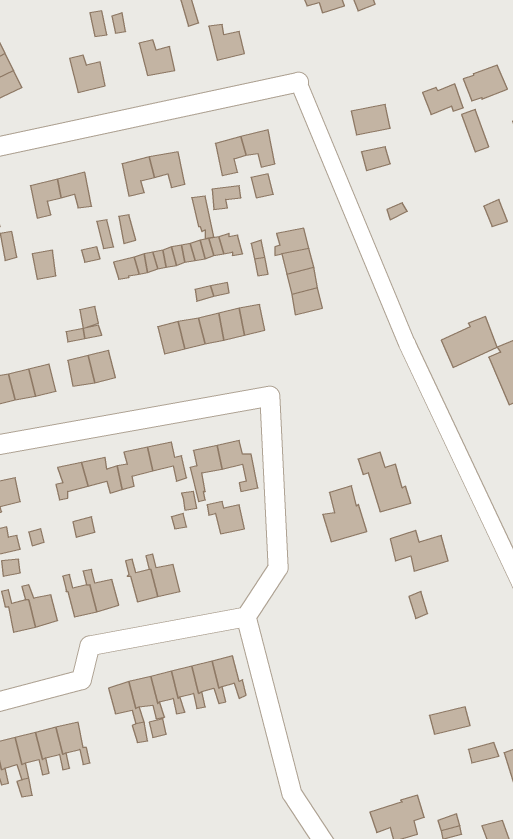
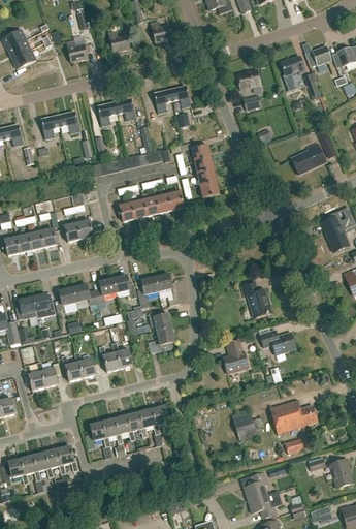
building: [441,317,497,367] -> [291,143,325,174]
building: none -> [32,293,56,318]
building: [323,486,367,542] -> [222,339,249,373]
building: none -> [148,328,174,353]
building: none -> [269,399,317,433]
building: none -> [231,408,262,441]
building: none -> [244,472,267,500]

